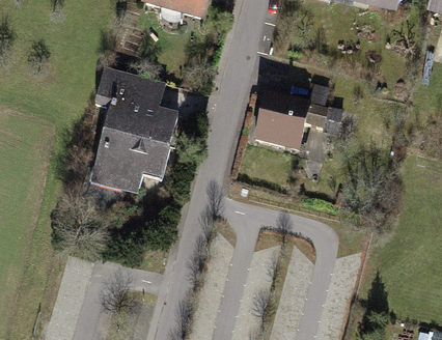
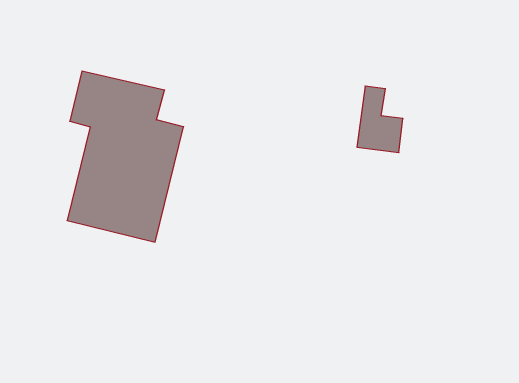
building: [254,88,311,148] -> none

